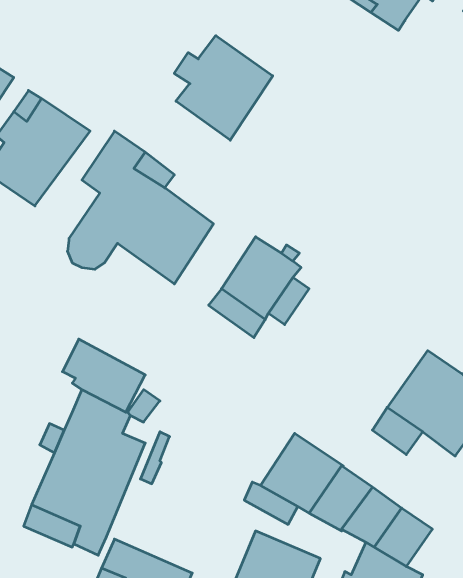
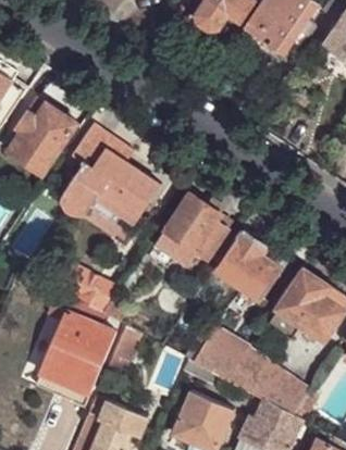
building: [174,36,273,140] -> none
building: none -> [219,230,283,300]

